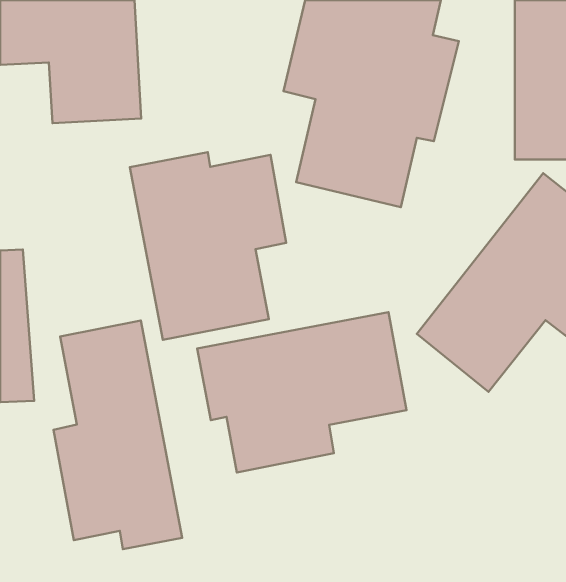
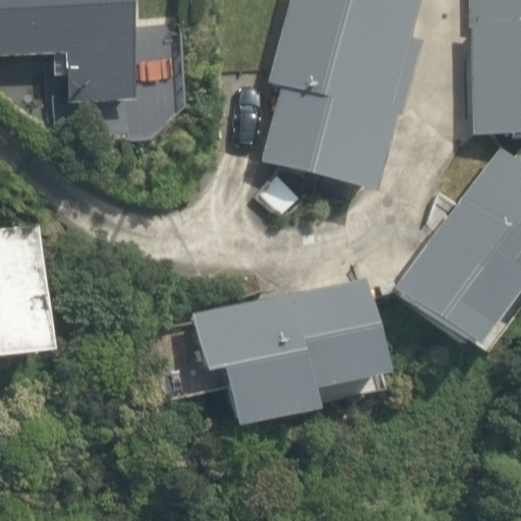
building: [130,152,286,340] -> none
building: [53,321,182,549] -> none

